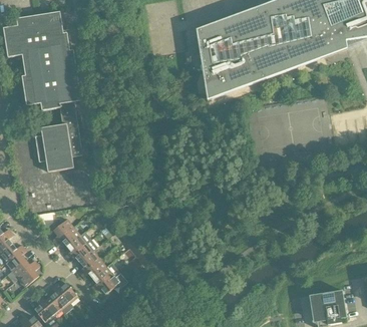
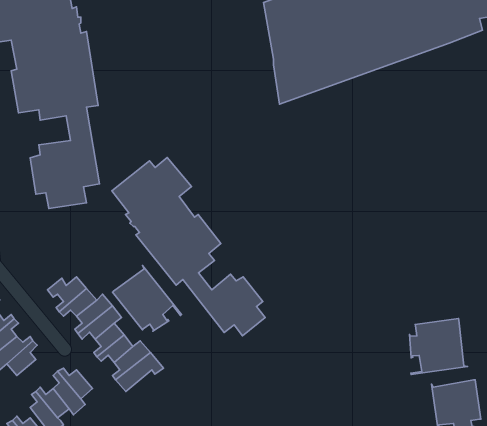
building: none -> [112,158,265,336]
building: none -> [113,265,181,331]
building: none -> [410,318,467,375]

